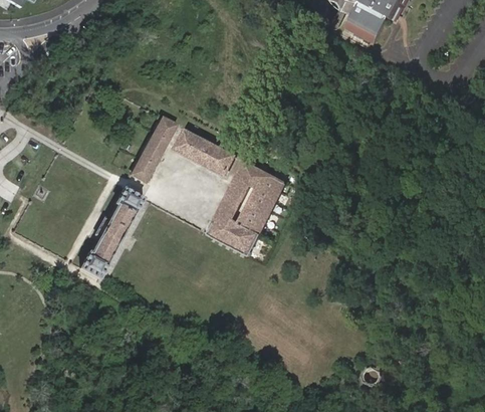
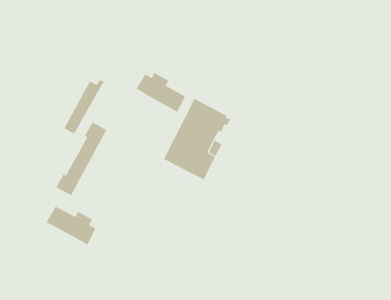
building: [129,116,178,182] -> [64,79,104,134]
building: none -> [46,206,96,245]

